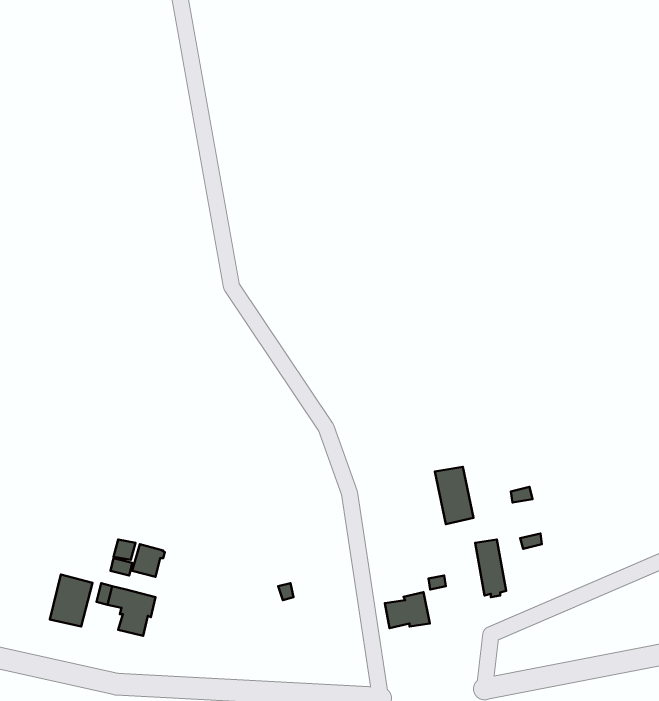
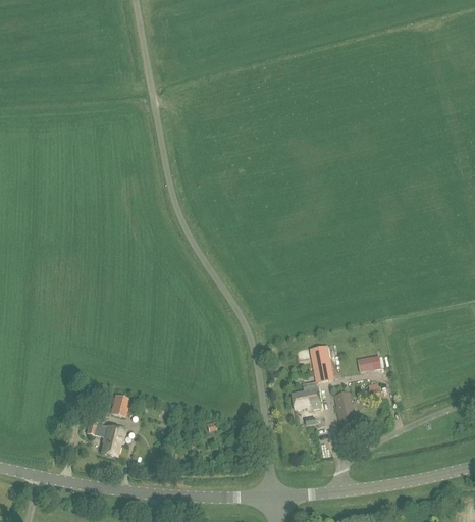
building: [50,575,92,626] -> none
building: [385,592,430,628] -> [292,385,321,409]

